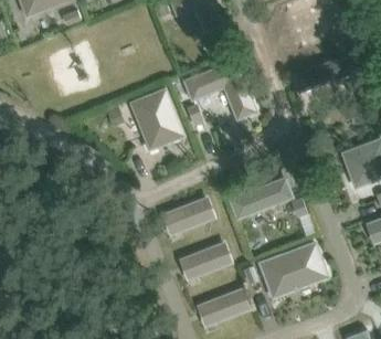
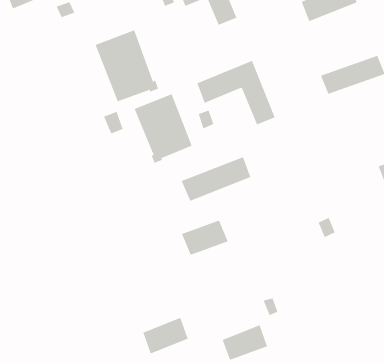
building: none -> [95,29,159,102]
building: [229,180,289,219] -> [181,157,251,201]
building: [189,244,229,276] -> [142,317,188,354]
building: [260,244,327,293] -> none

